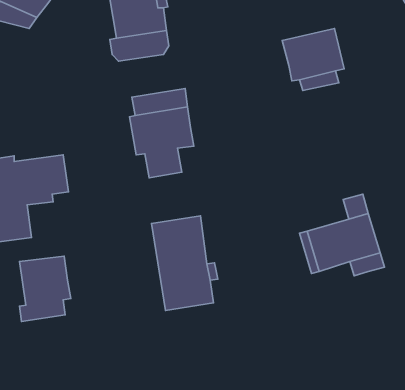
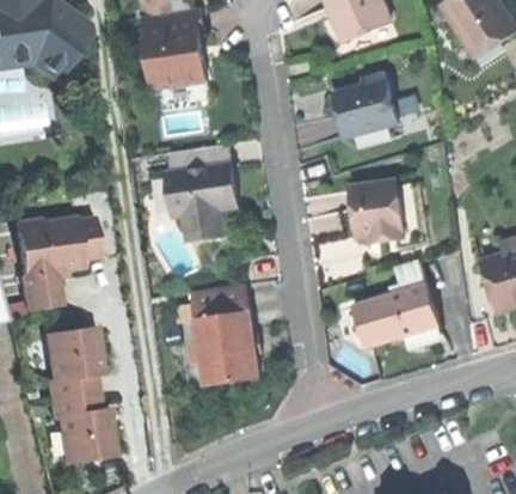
building: none -> [352,179,406,240]
building: none -> [48,391,113,462]

